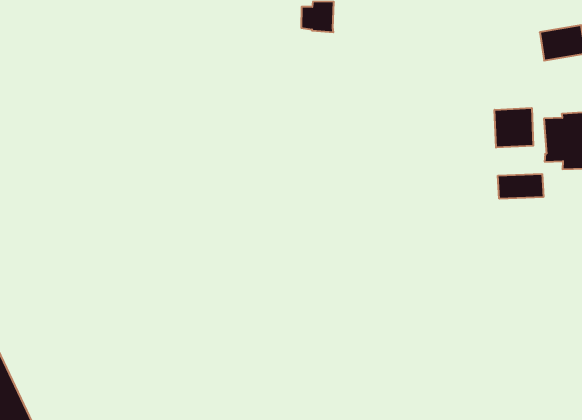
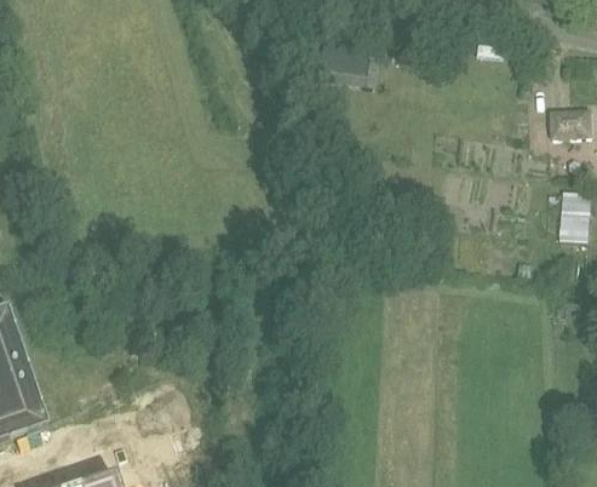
building: [495,108,533,148] -> none
building: [498,174,543,199] -> none

